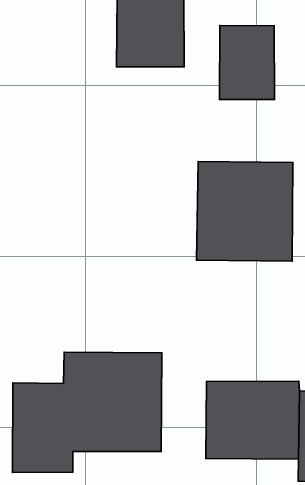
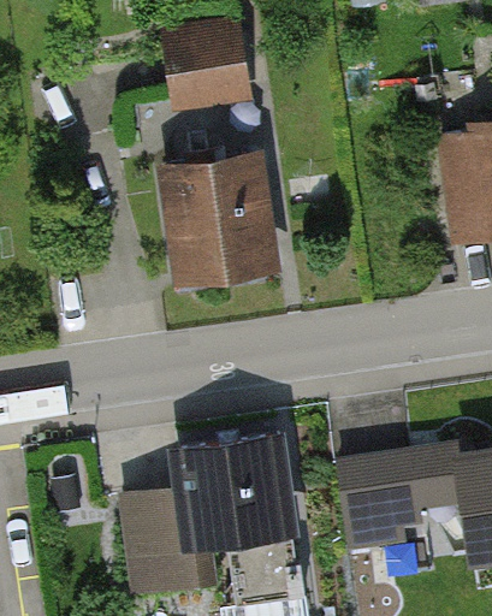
building: [219,26,275,99] -> none
building: [197,161,293,261] -> [154,155,280,285]

